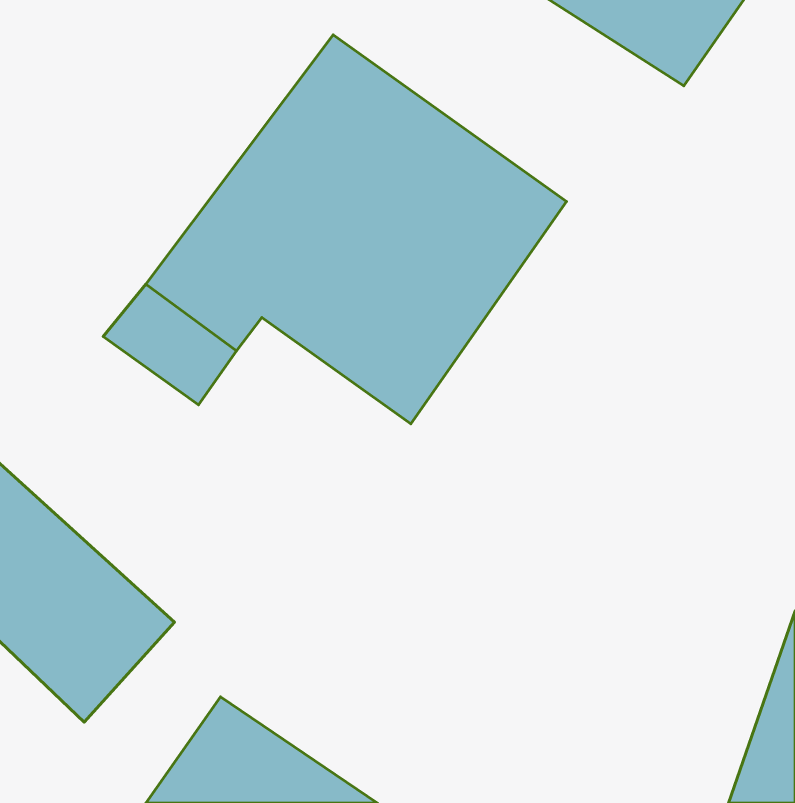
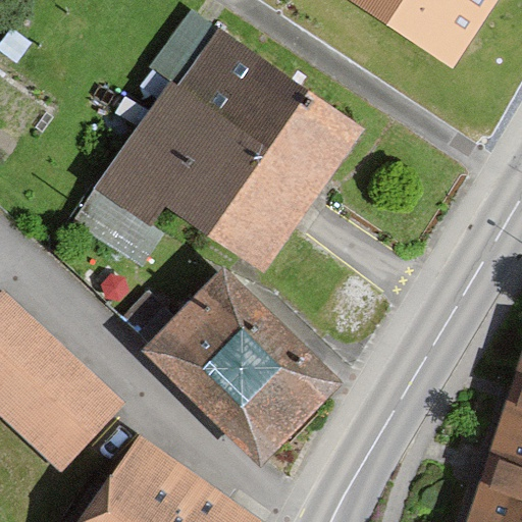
building: none -> [148,274,342,463]

